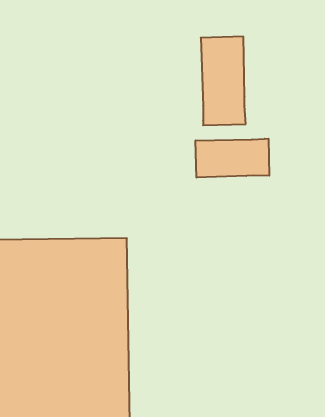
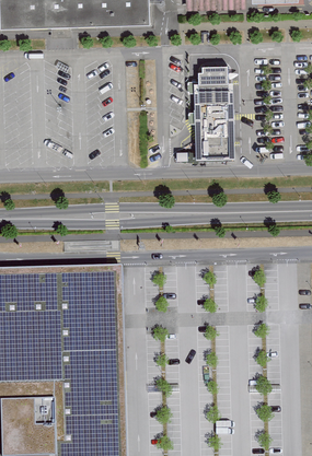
building: [196,139,269,178] -> none

